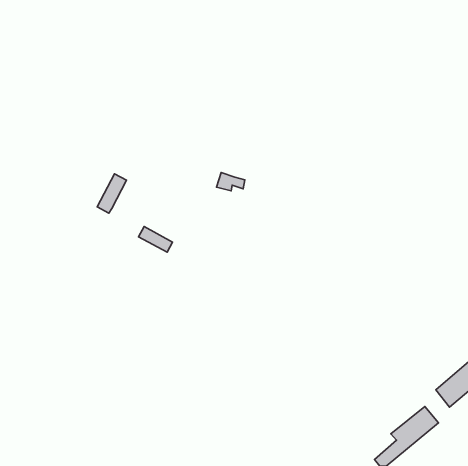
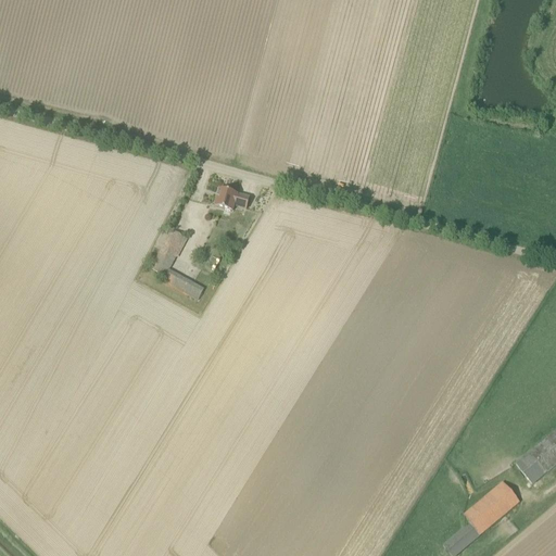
building: [217,172,245,191] -> [216,188,250,210]
building: [97,174,126,213] -> [152,228,187,275]

